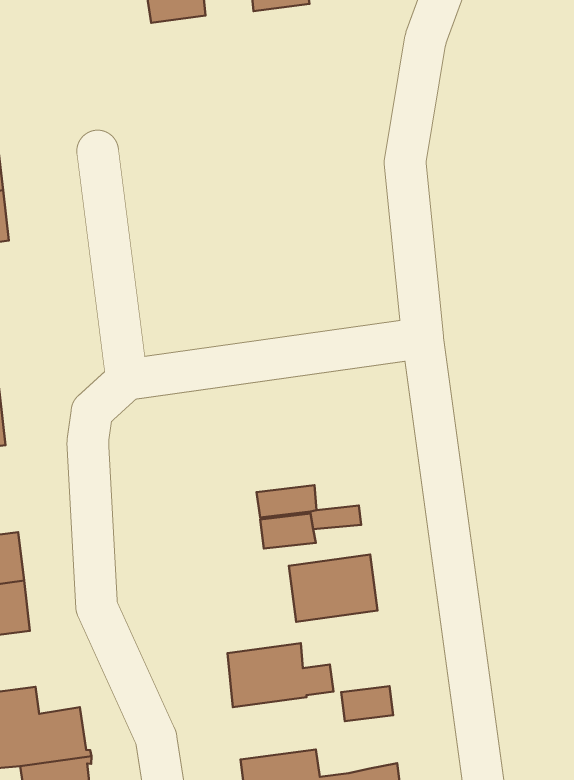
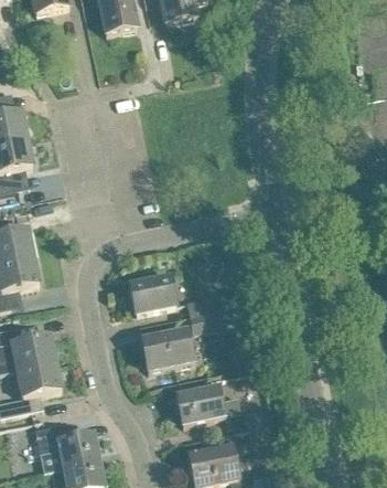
building: none -> [129,275,175,311]
building: [289,555,377,622] -> [141,328,194,370]

